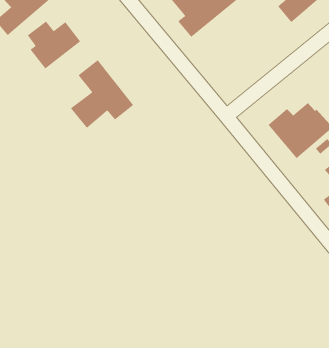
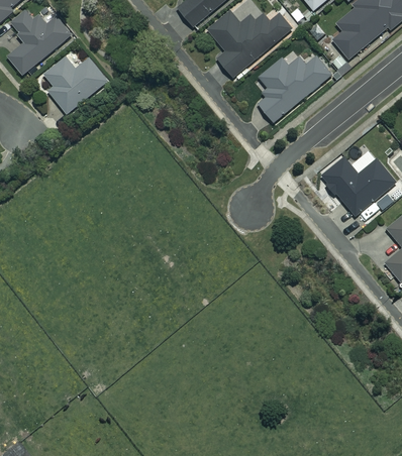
building: none -> [259,56,331,122]
building: [70,59,134,129] -> none

